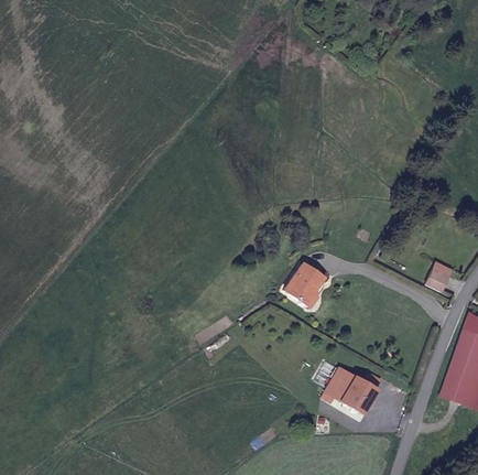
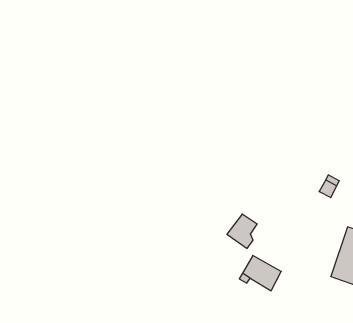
building: [284,262,324,307] -> [227,214,257,248]

